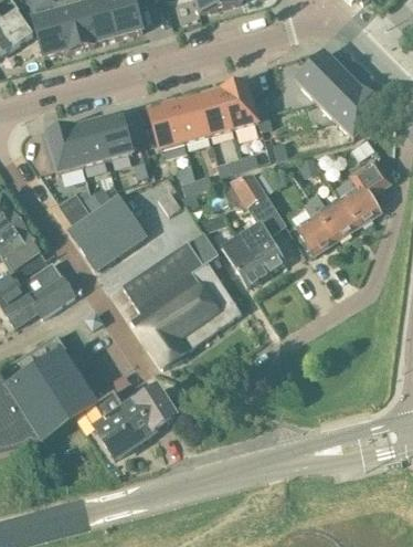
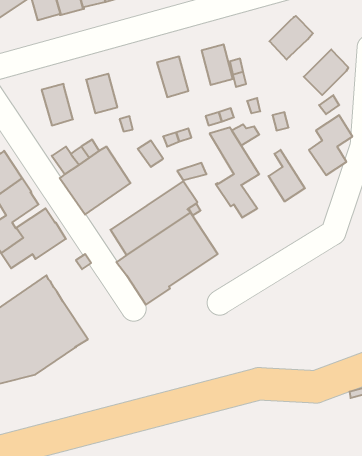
building: [315,71,363,118] -> none
building: [198,90,232,134] -> none
building: [149,102,184,147] -> none
building: [72,122,106,165] -> none
building: [308,193,358,240] -> none
building: [222,235,266,285] -> none
building: [84,374,176,459] -> none

